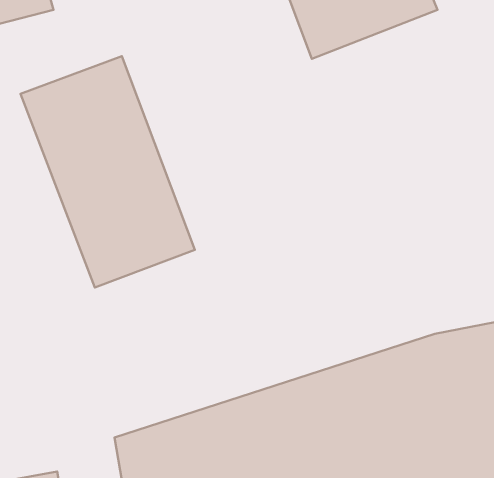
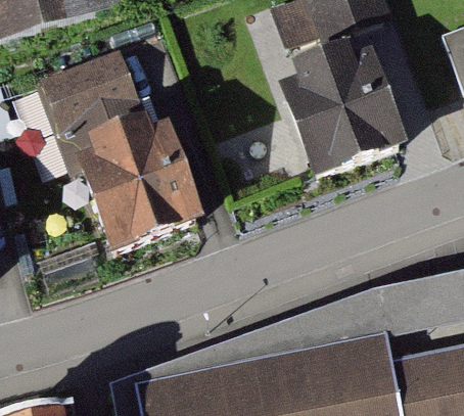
building: none -> [282,58,413,195]

